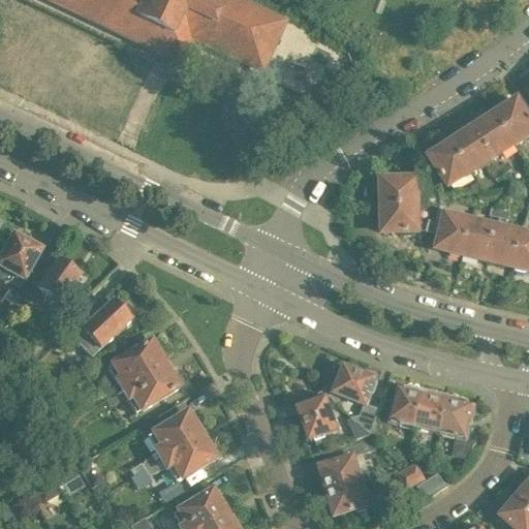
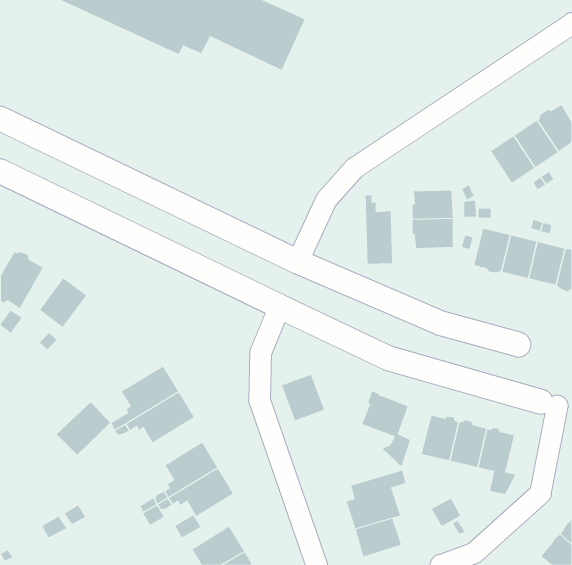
building: [430,139,472,184] -> none
building: none -> [365,194,392,264]
building: [81,297,131,346] -> [56,402,111,455]
building: [299,396,339,439] -> [281,374,325,421]

